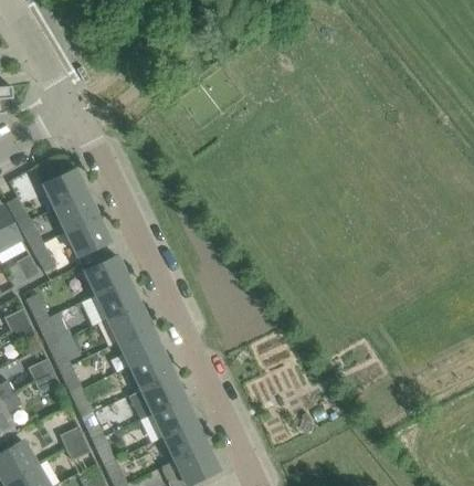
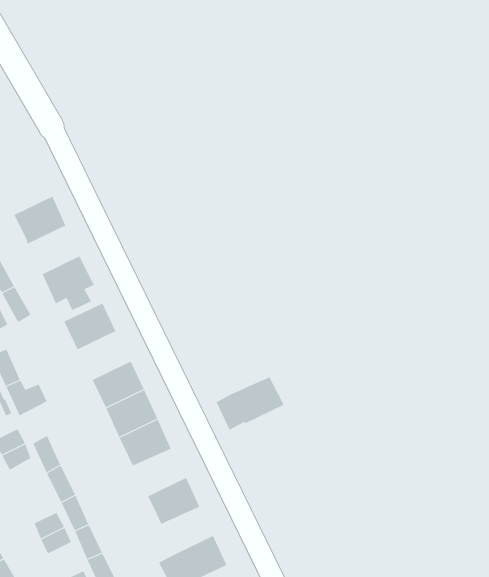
building: [54,192,97,232] -> none
building: [81,278,139,325] -> none
building: [48,336,80,370] -> none
building: [128,374,185,419] -> [216,377,285,431]
building: [164,422,207,461] -> none

